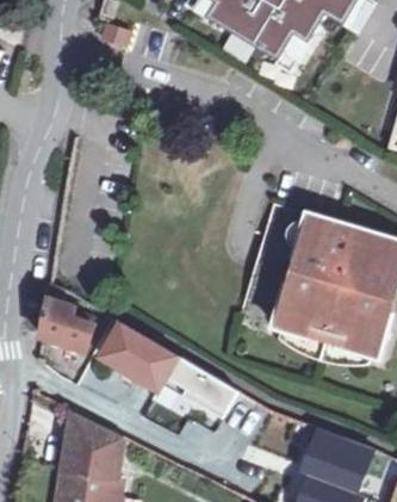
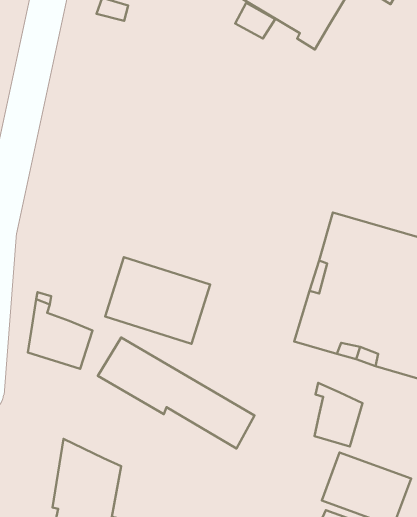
building: none -> [105,257,210,344]
building: none -> [315,383,363,446]

